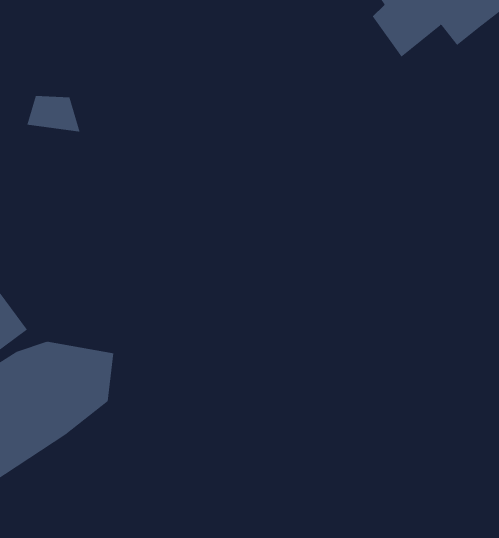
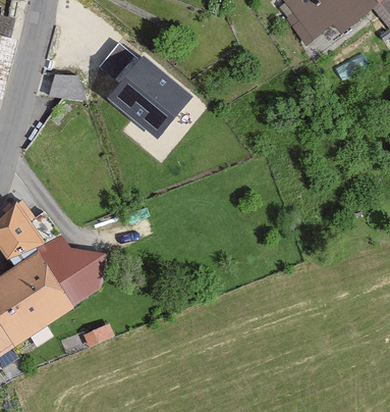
building: none -> [101,52,185,136]

